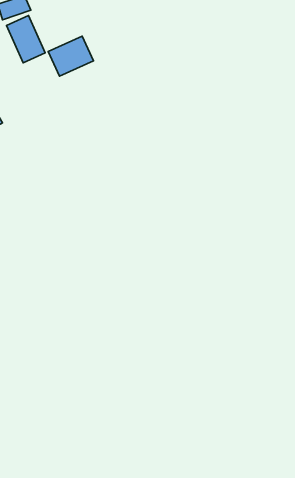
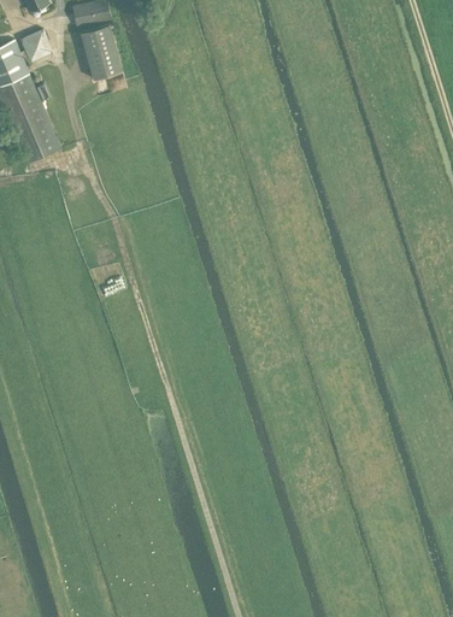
building: [48,36,93,76] -> none

